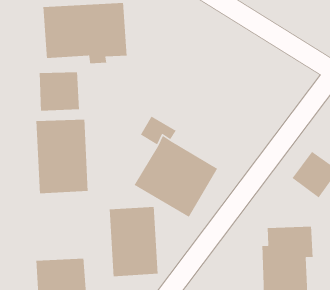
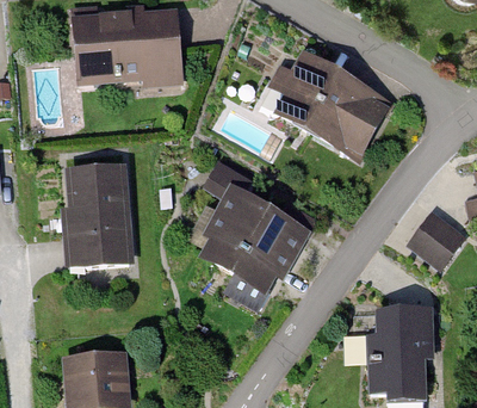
building: none -> [267,50,395,163]
building: [39,71,80,112] -> none
building: [109,206,158,277] -> none

